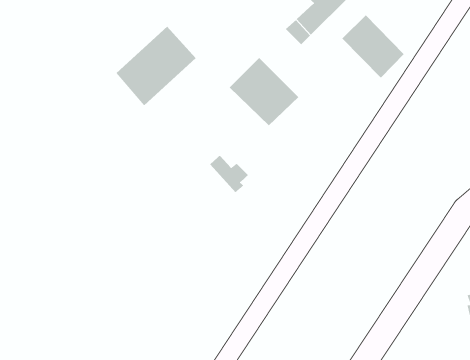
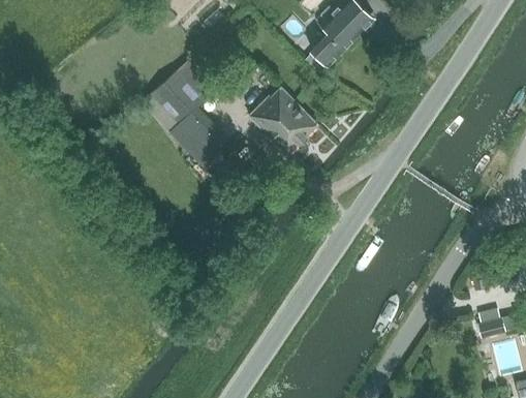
building: [342,15,405,78] -> none
building: [203,144,255,193] -> [168,120,218,167]

